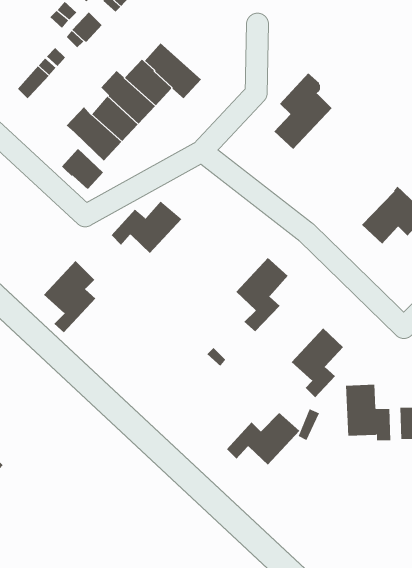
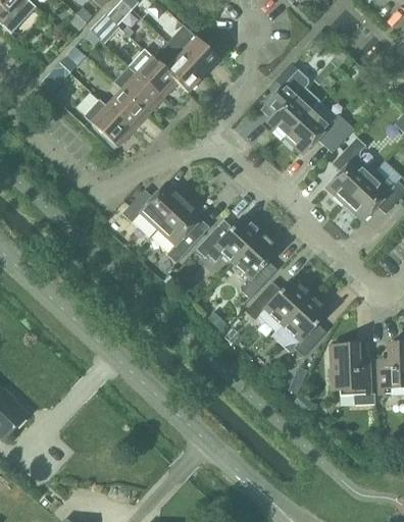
building: none -> [167,24,219,74]
building: none -> [285,100,355,153]
building: [61,148,104,190] -> none
building: none -> [327,136,373,203]
building: none -> [197,214,262,262]
building: [43,260,96,333] -> [158,198,205,262]
building: [226,412,300,465] -> [246,277,311,324]

